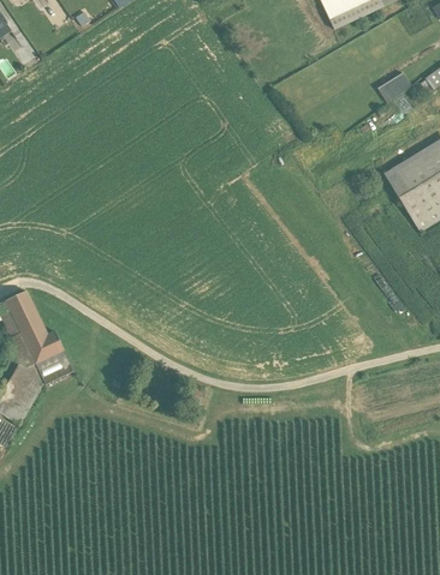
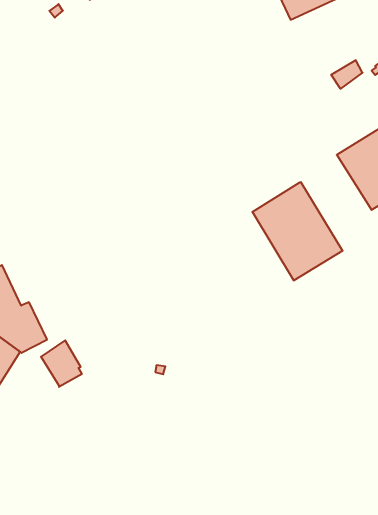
building: none -> [252,182,343,281]
building: none -> [41,340,82,387]

